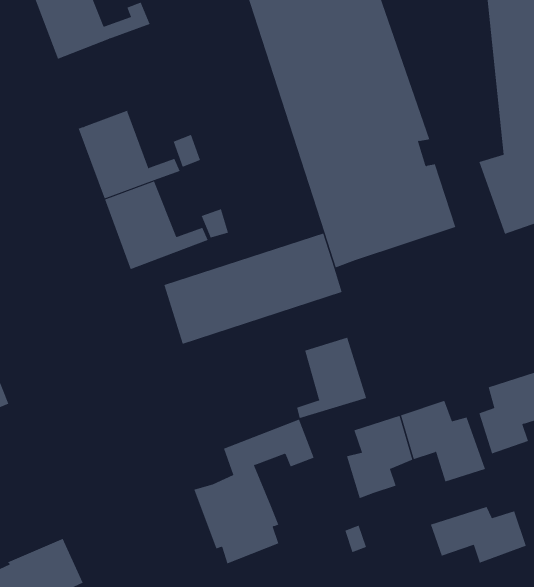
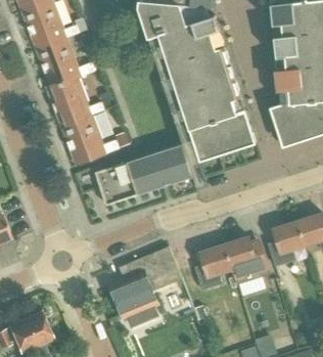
building: none -> [36,38,93,86]
building: [297,337,367,419] -> none
building: [430,506,526,563] -> none

